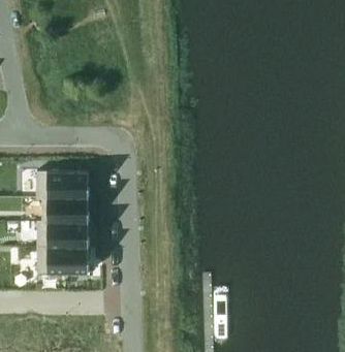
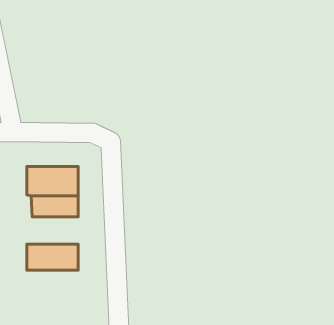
building: [35,221,86,248] -> none

